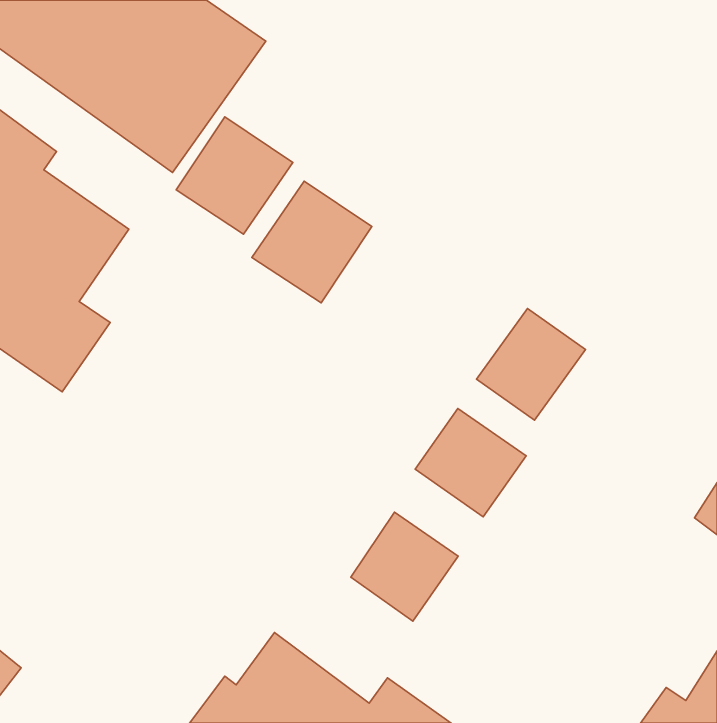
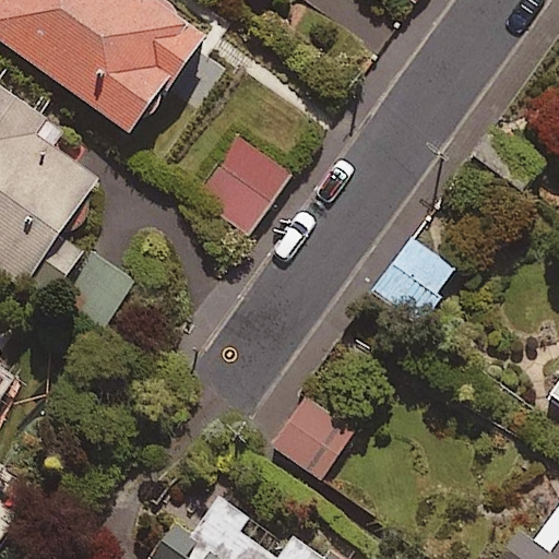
building: [176,117,293,234] -> none
building: [415,408,526,517] -> none

